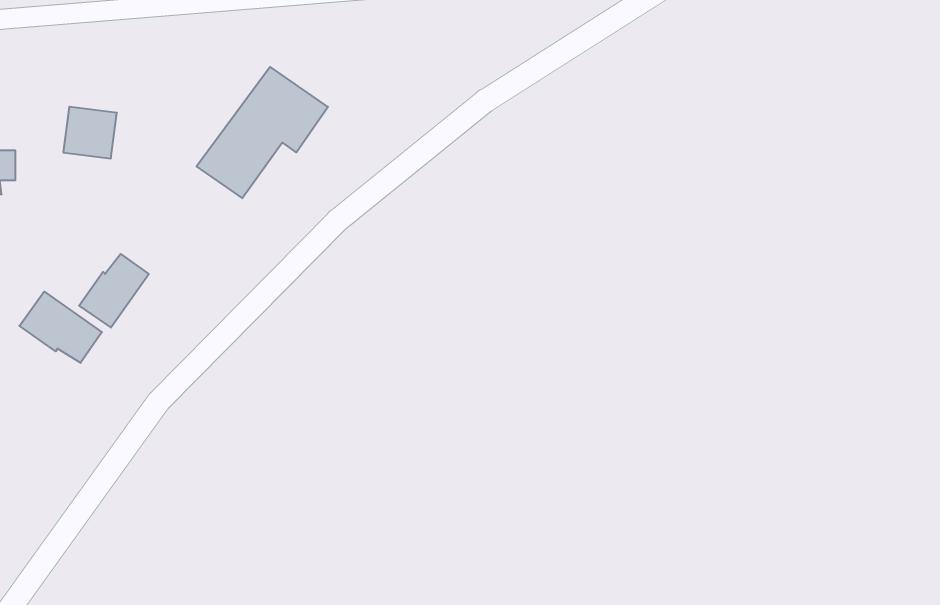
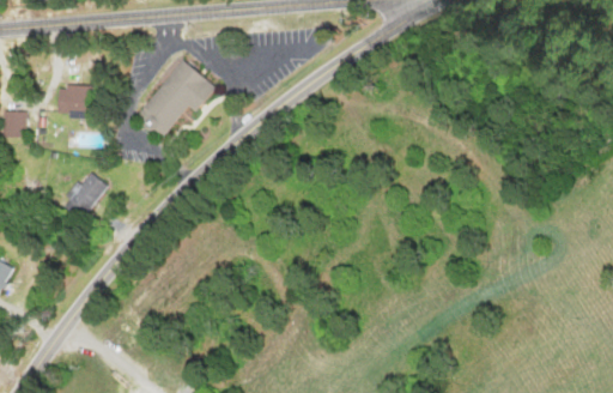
building: [19,292,102,363] -> none

